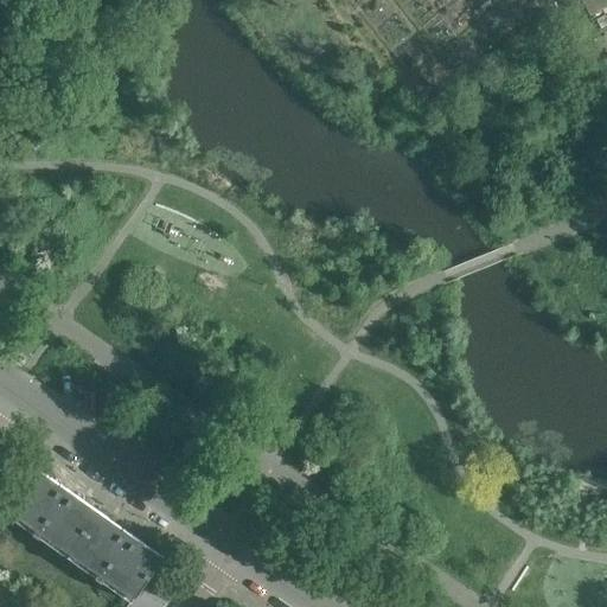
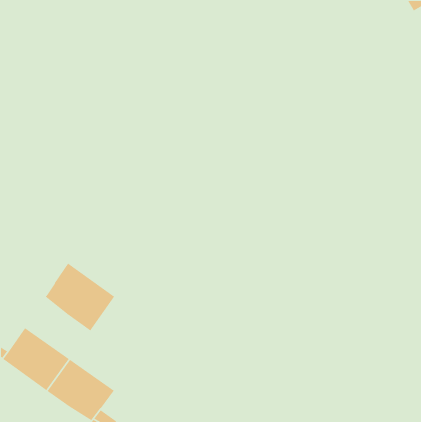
building: none -> [45,262,115,332]

